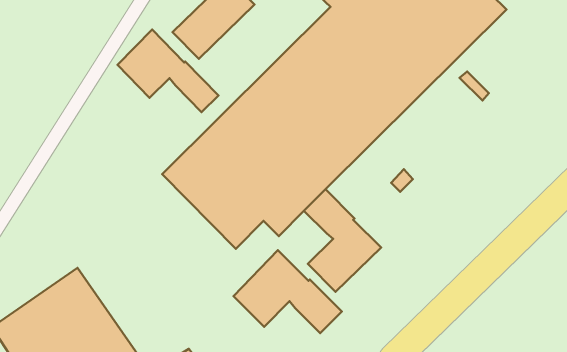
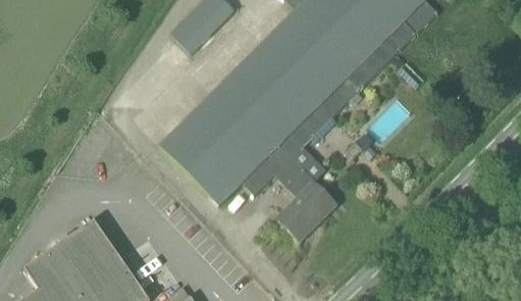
building: [118,30,219,112] -> none
building: [233,250,342,333] -> none

